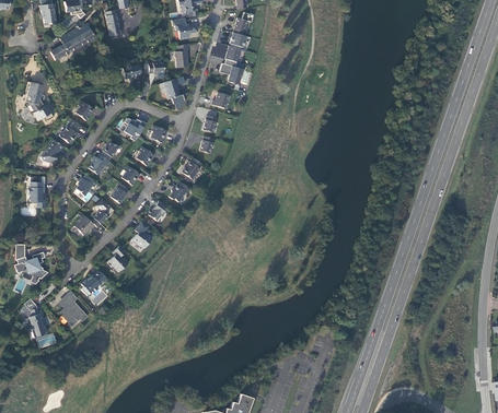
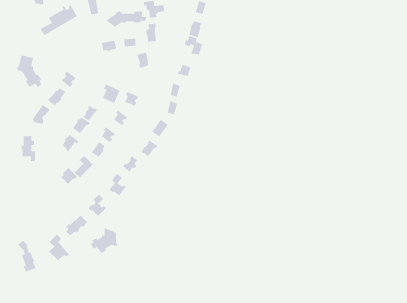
building: none -> [105,10,148,28]
building: [14,245,48,284] -> none
building: none -> [90,227,118,254]

